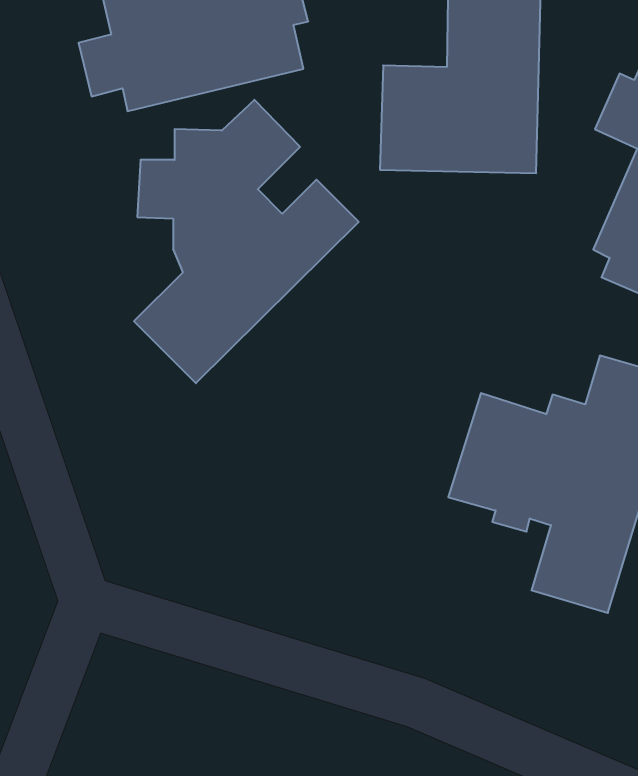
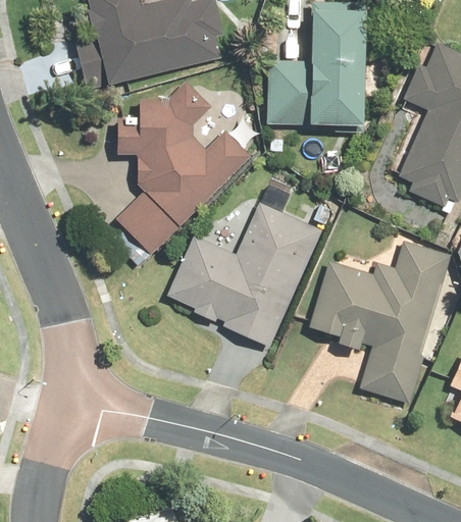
building: none -> [167,182,323,349]

